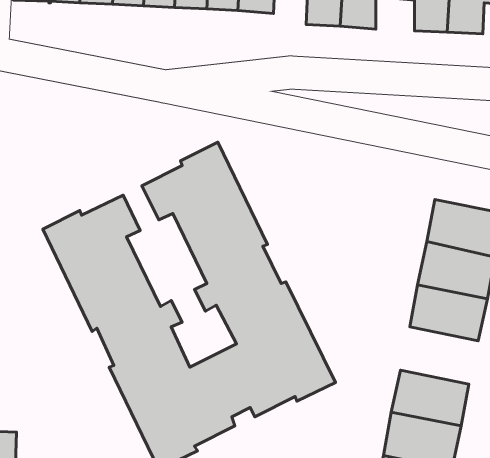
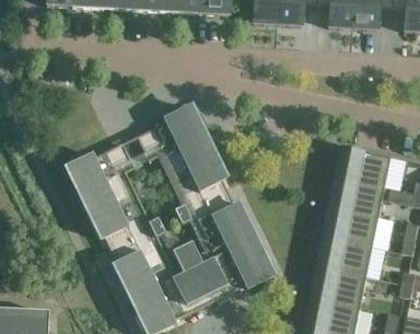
building: none -> [319,237,374,277]

